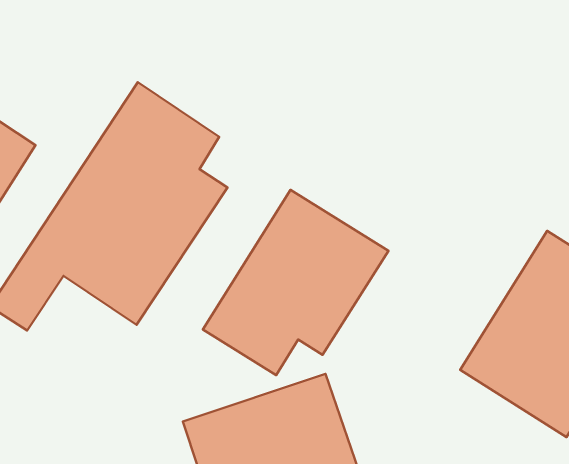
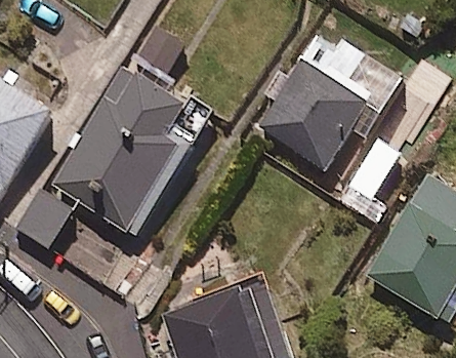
building: none -> [256,26,402,169]
building: [203,190,388,375] -> none

